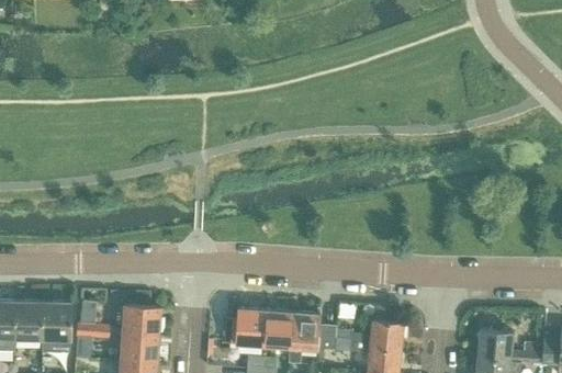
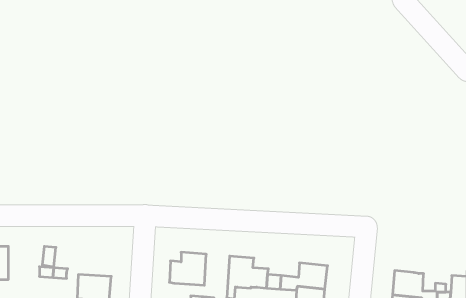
building: [42,301,71,351] -> none
building: [122,304,161,335] -> none
building: [265,309,293,347] -> none

